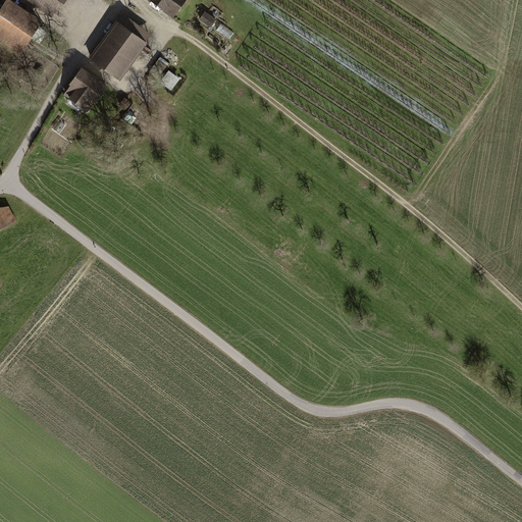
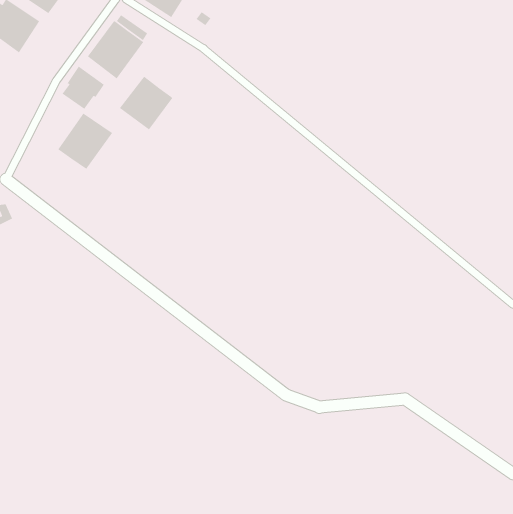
building: none -> [119,76,173,130]
building: none -> [58,113,113,170]

